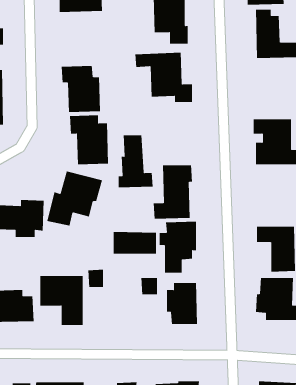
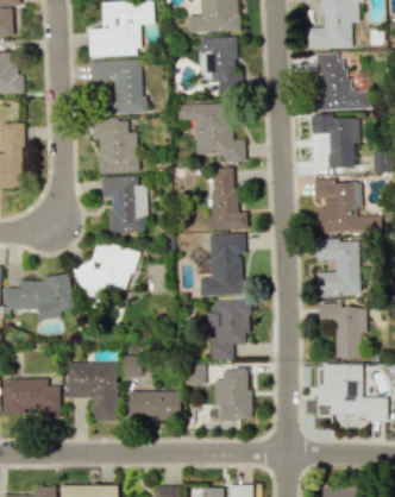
building: none -> [89,58,144,113]
building: none -> [312,115,356,166]
building: [118,135,154,188] -> [207,168,249,229]
building: none -> [316,239,359,295]
building: [113,232,157,254] -> [130,390,181,416]

